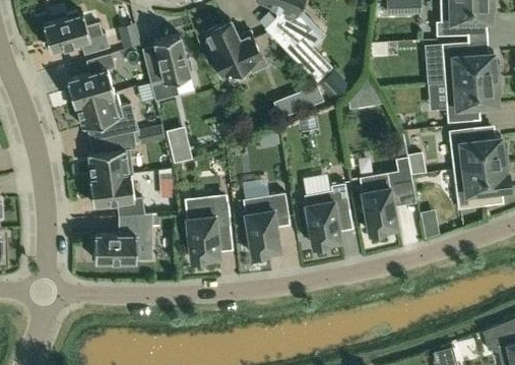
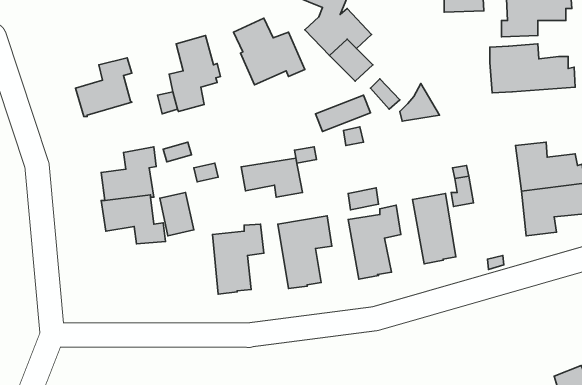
building: [44,12,110,55] -> none
building: [429,80,502,123] -> none
building: [77,93,140,137] -> none
building: none -> [241,158,302,197]
building: [94,215,153,265] -> none

